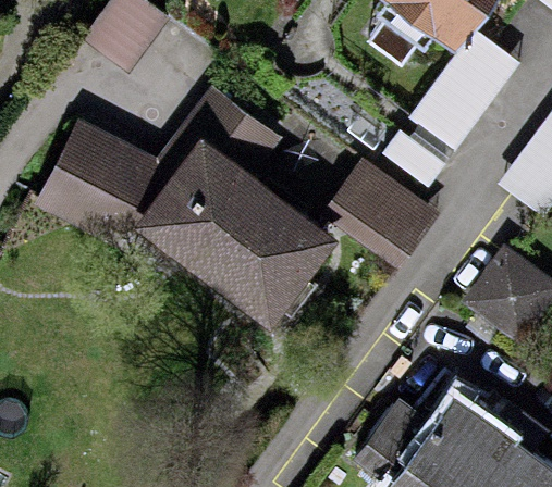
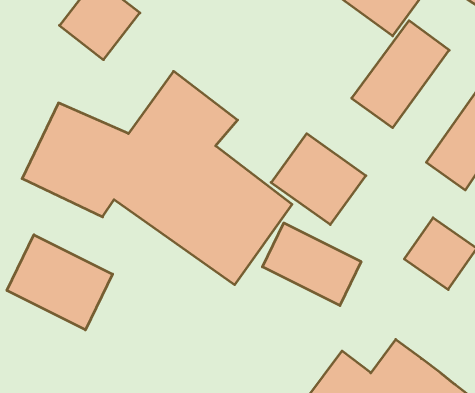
building: none -> [262,223,361,306]
building: none -> [7,235,113,330]

